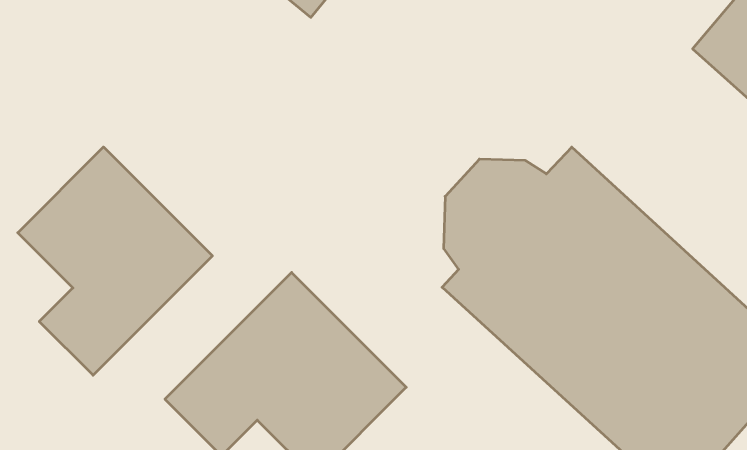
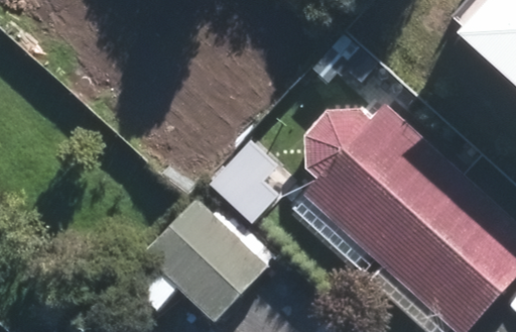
building: [18,147,212,375] -> none

